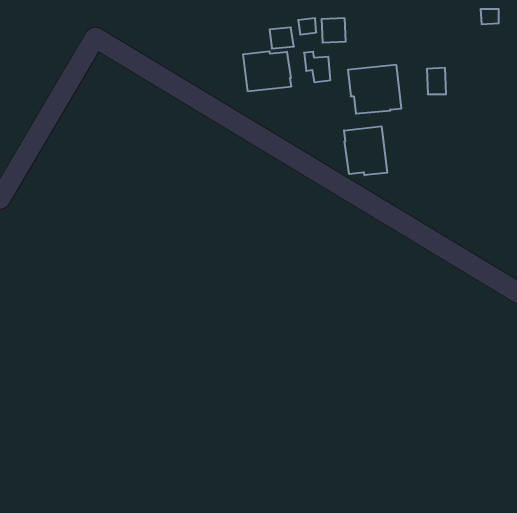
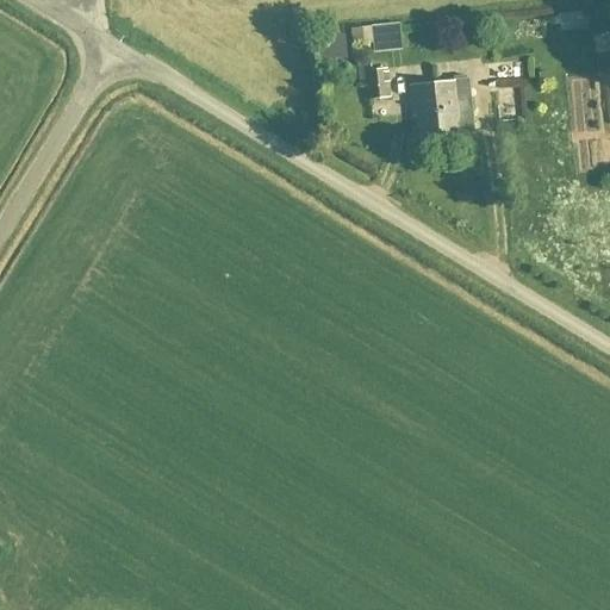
building: [243,51,291,91] -> none
building: [344,126,387,175] -> none

